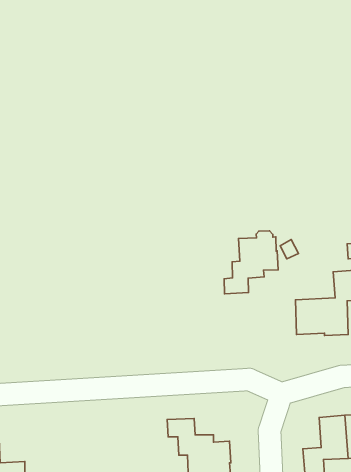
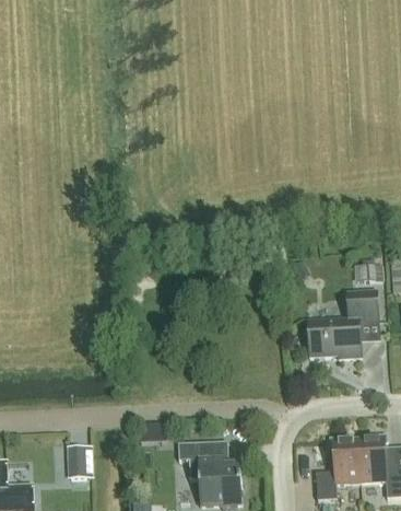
building: [224,231,278,294] -> none
building: none -> [66,445,86,477]

